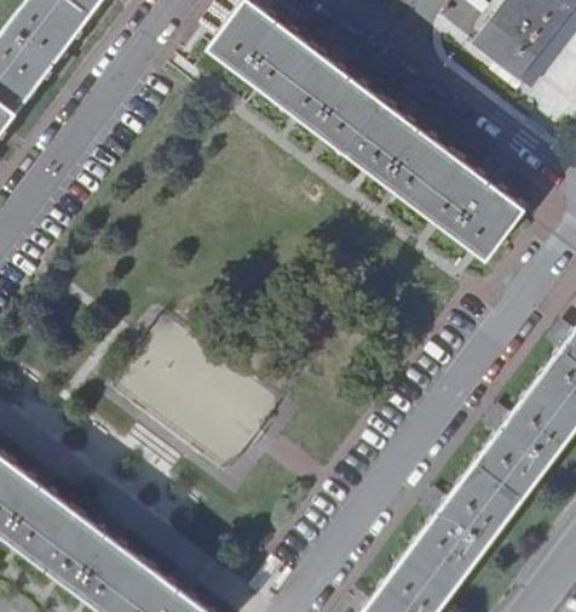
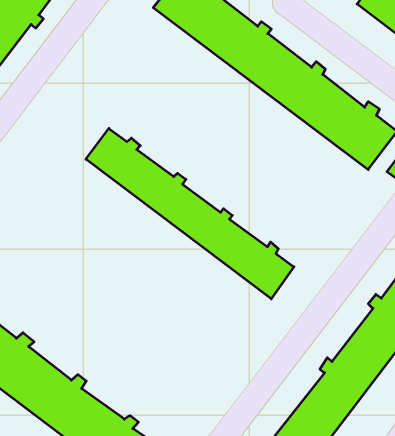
building: none -> [86,128,294,299]

